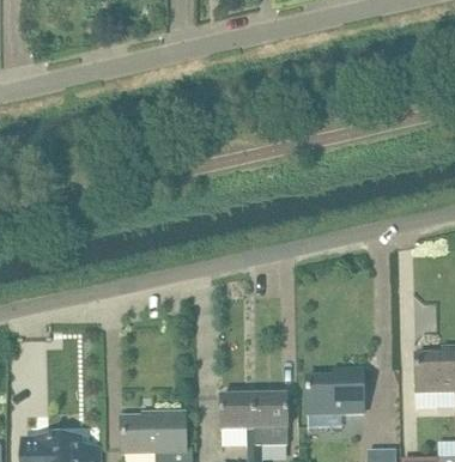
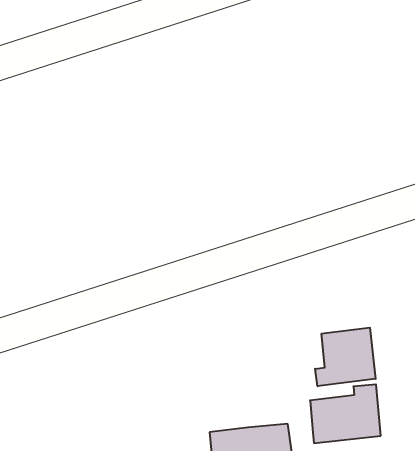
building: none -> [315,328,376,386]

